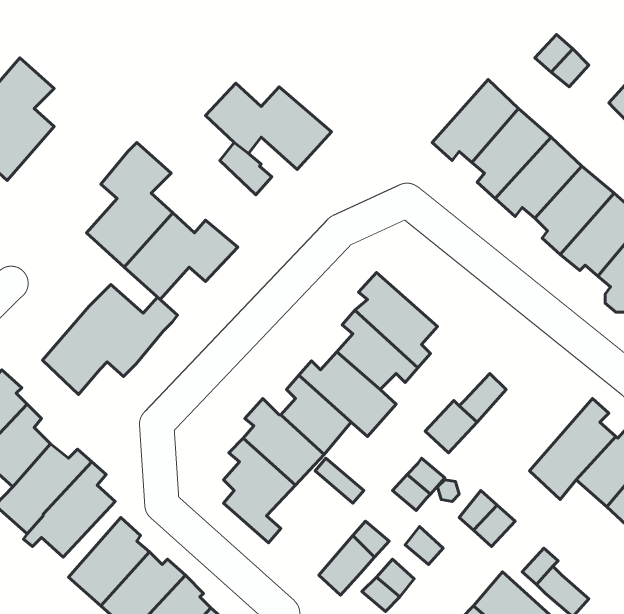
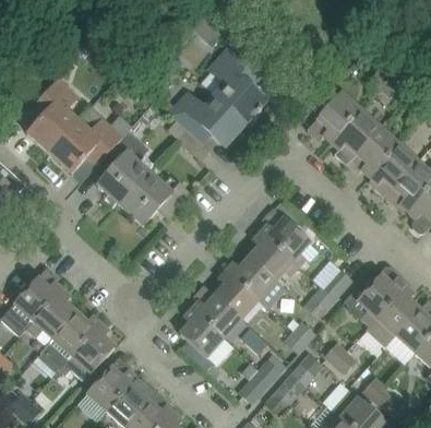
building: none -> [209,49,265,123]
building: [42,284,177,394] -> [49,107,131,174]
building: none -> [345,268,404,329]

